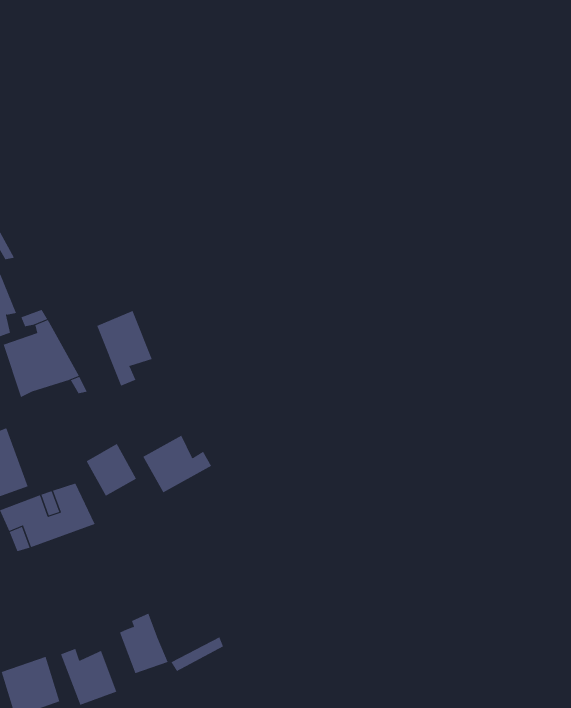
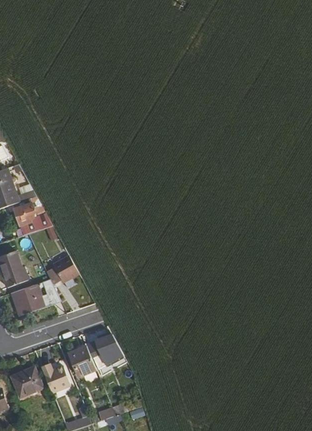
building: [96,310,152,386] -> none
building: [142,435,212,493] -> none
building: none -> [84,334,120,359]

